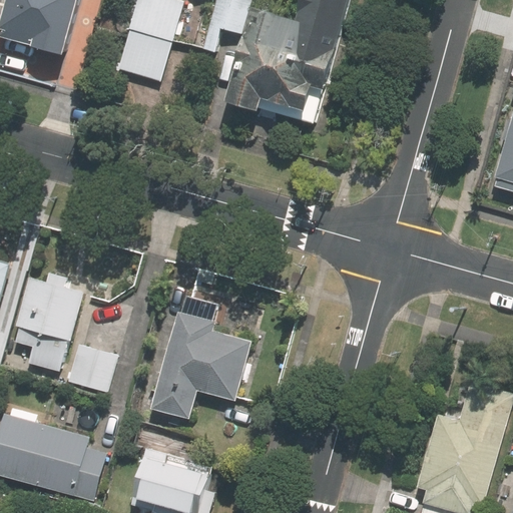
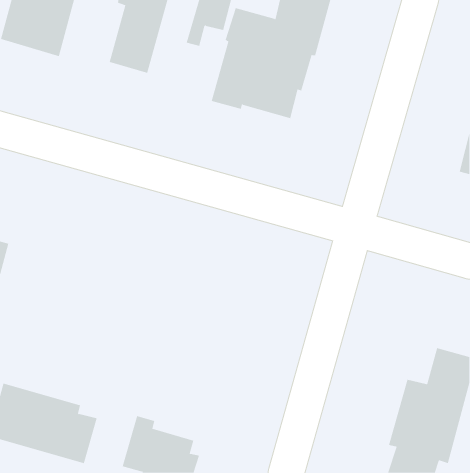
building: [15,278,83,371] -> none
building: [152,295,249,418] -> none
building: [68,342,116,390] -> none

